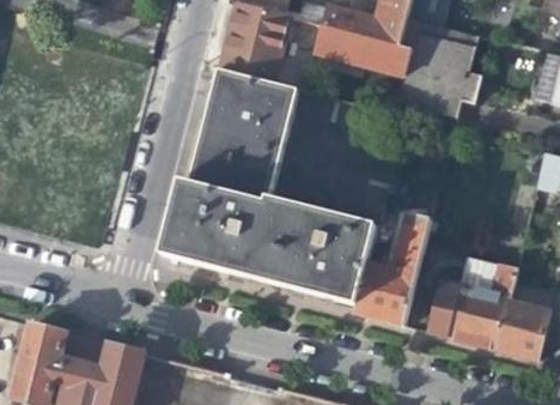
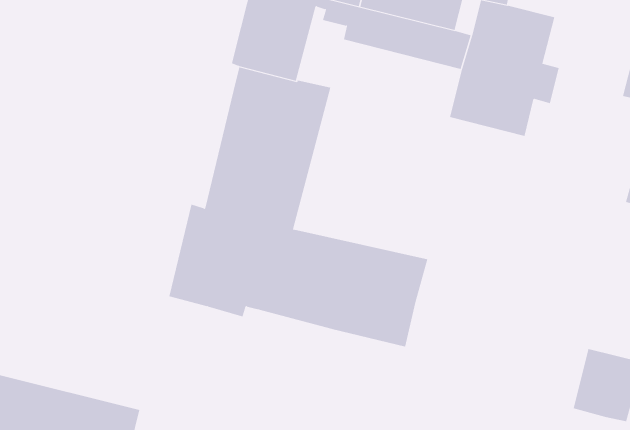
building: [353,179,437,326] -> none
building: [425,258,512,349] -> none

